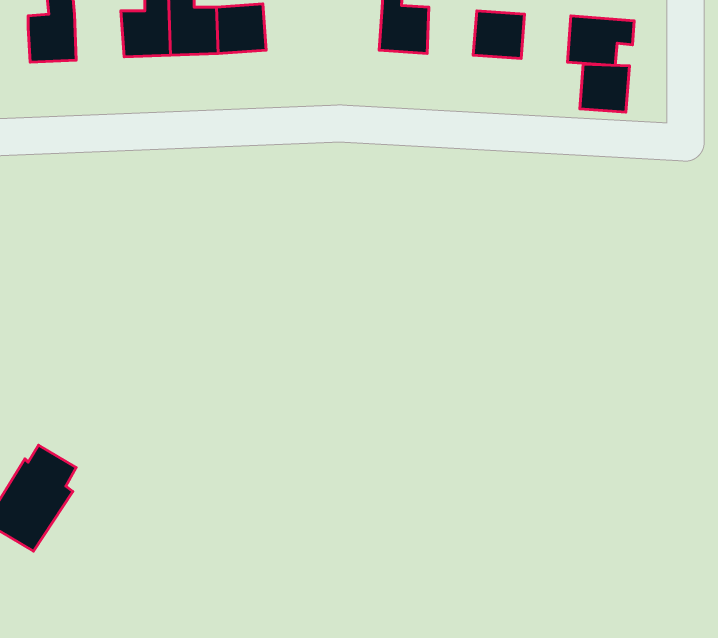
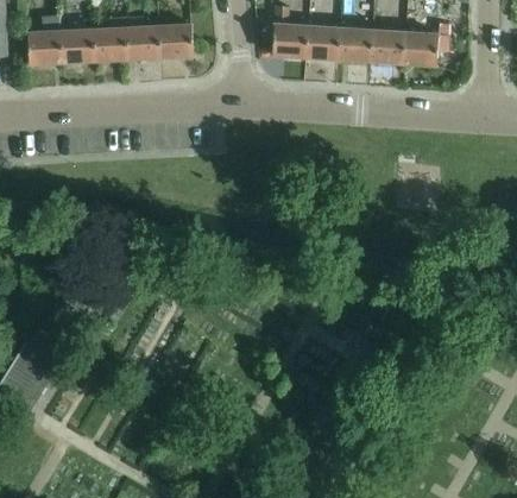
building: none -> [305,25,340,58]
building: none -> [61,27,95,62]
building: [580,64,629,112] -> [371,30,405,63]

